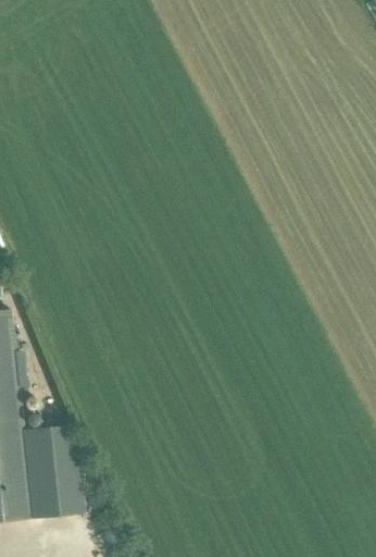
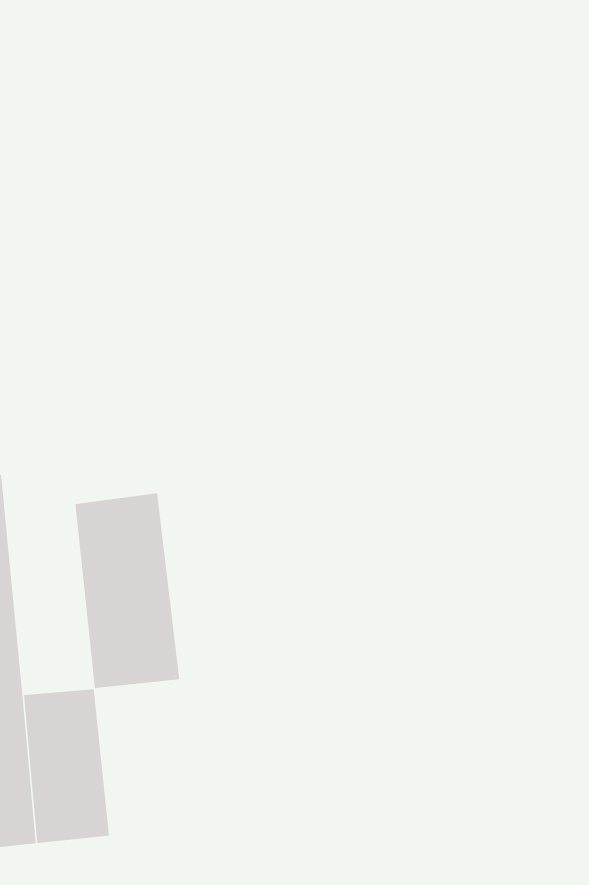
building: none -> [75,492,180,689]

